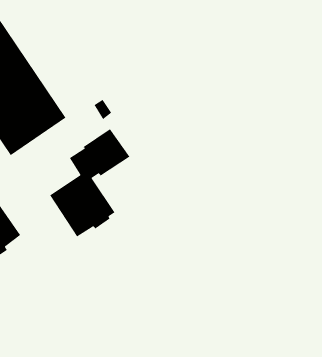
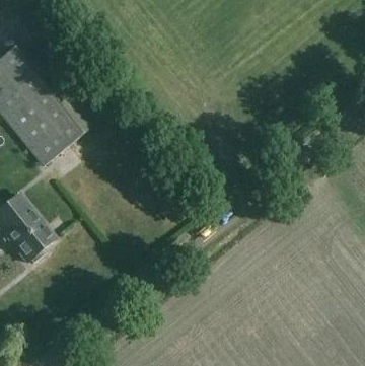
building: [49,128,131,238] -> none

